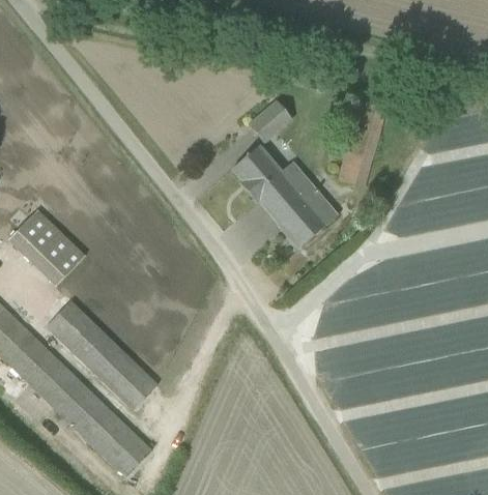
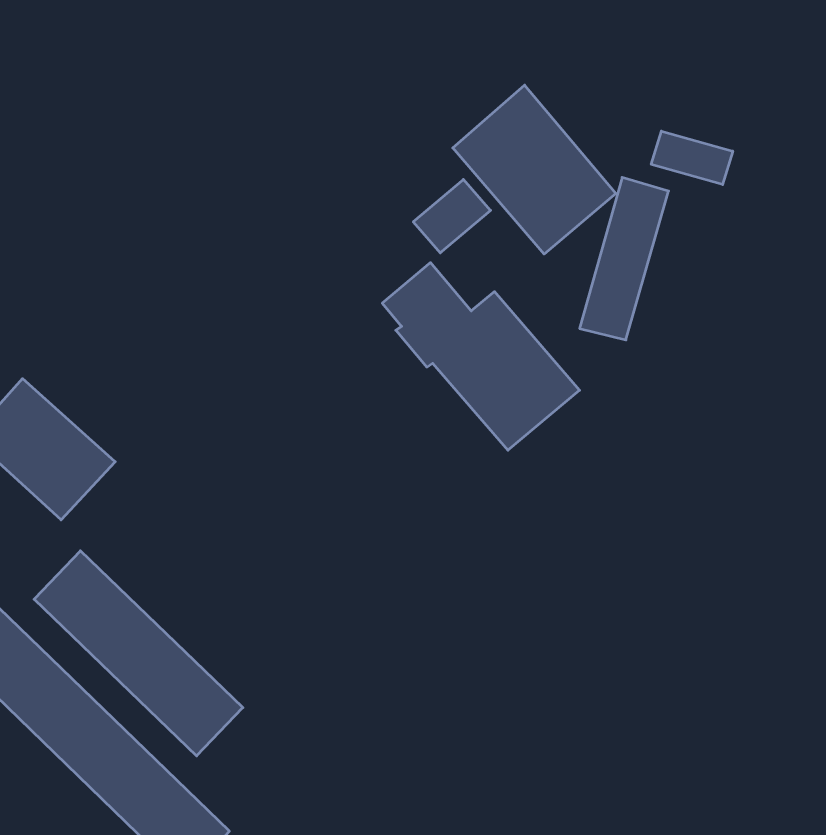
building: none -> [453,85,616,254]
building: none -> [651,131,733,185]

